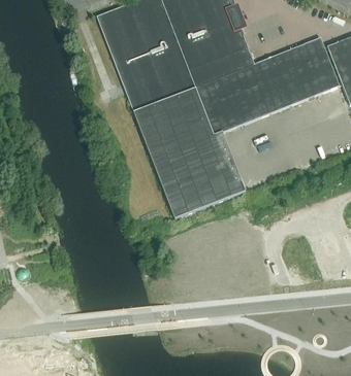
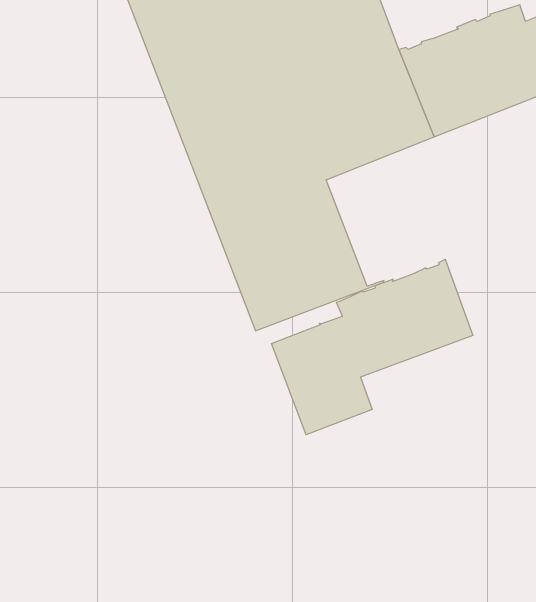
building: none -> [271,259,473,435]

